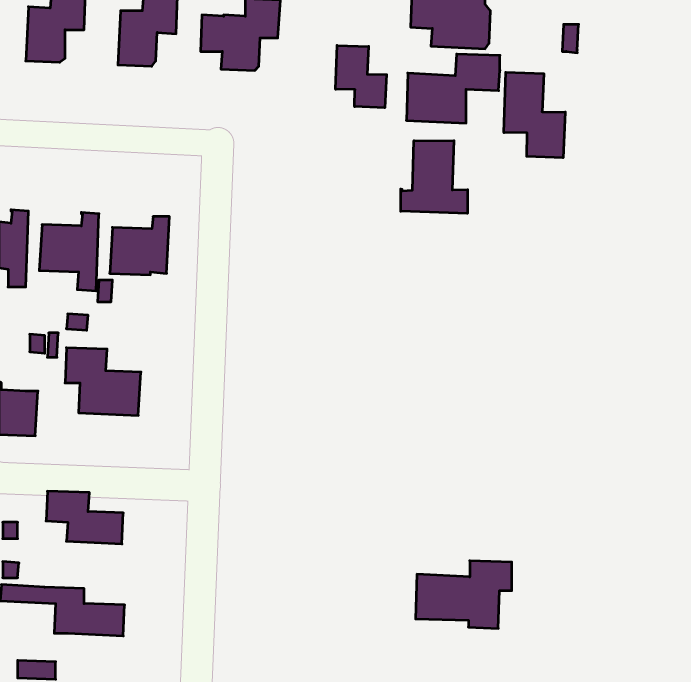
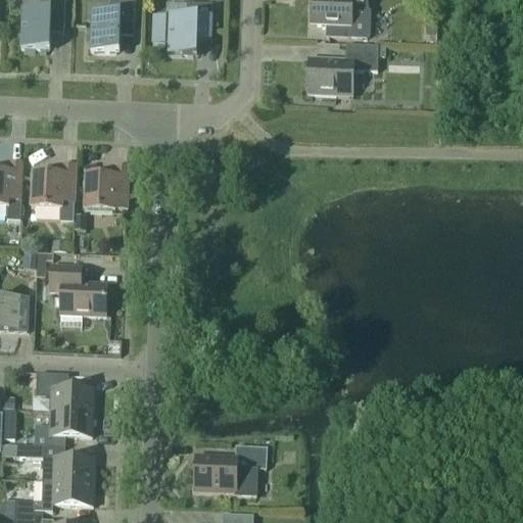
building: [336,45,387,108] -> none
building: [504,72,565,158] -> none
building: [401,141,468,213] -> none
building: none -> [34,409,92,444]
building: [416,561,512,628] -> [193,443,266,494]
building: none -> [50,478,93,504]

